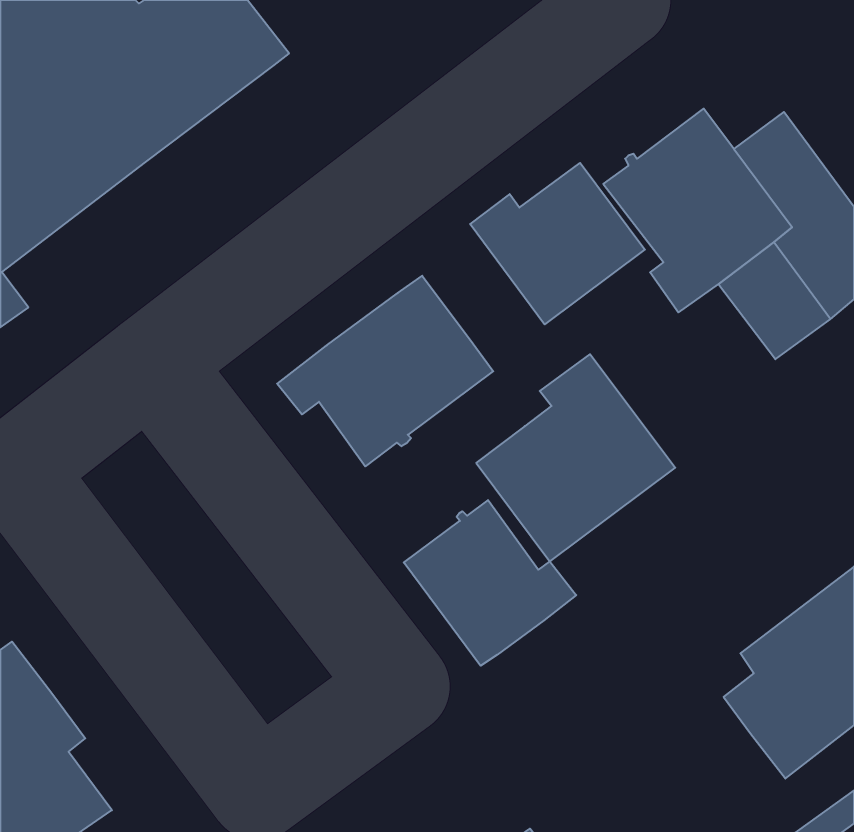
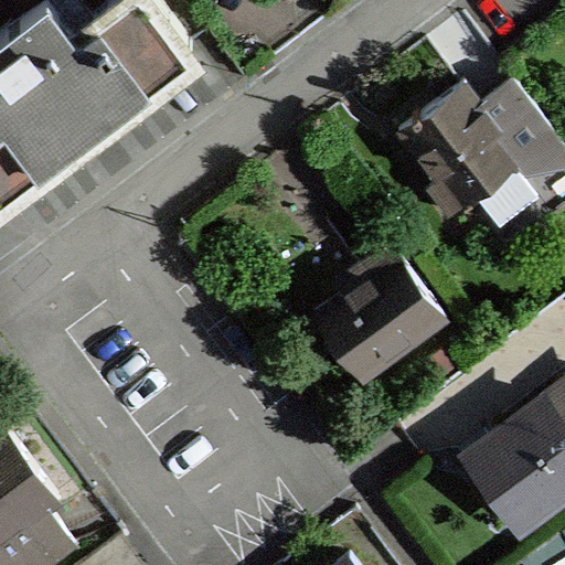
building: [470,163,645,324] -> none
building: [277,276,493,466] -> none
building: [404,500,576,666] -> none

